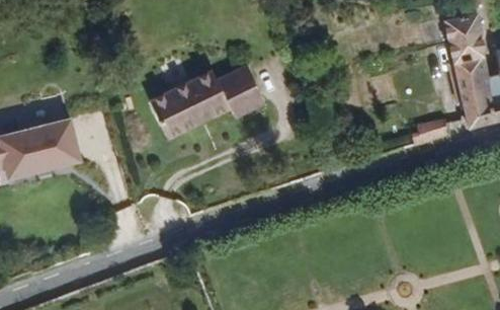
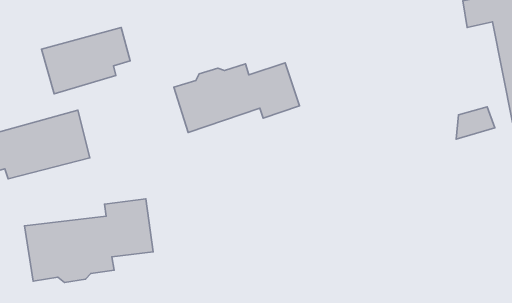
building: none -> [41,27,130,94]
building: none -> [25,199,153,283]

